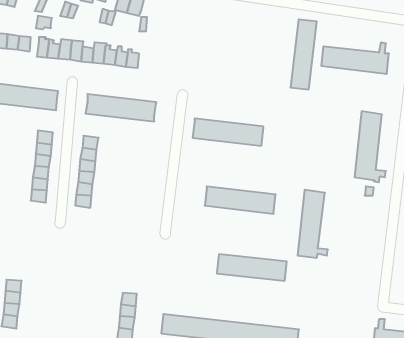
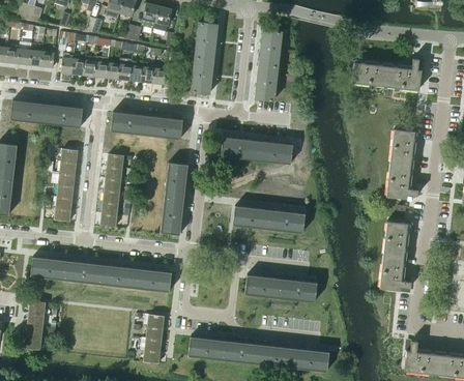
building: none -> [191,22,218,93]
building: [290,19,317,89] -> [255,29,282,100]
building: none -> [161,163,187,234]
building: [298,190,328,258] -> [380,221,411,290]
building: none -> [31,256,172,291]

